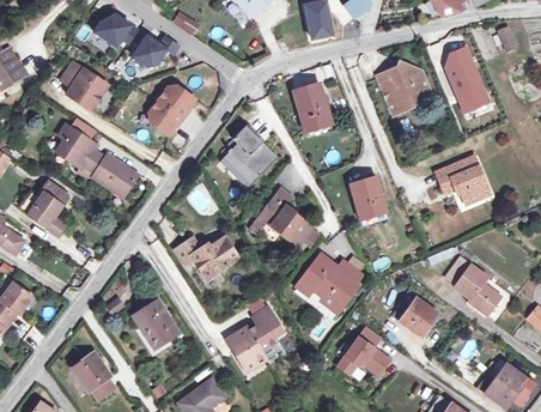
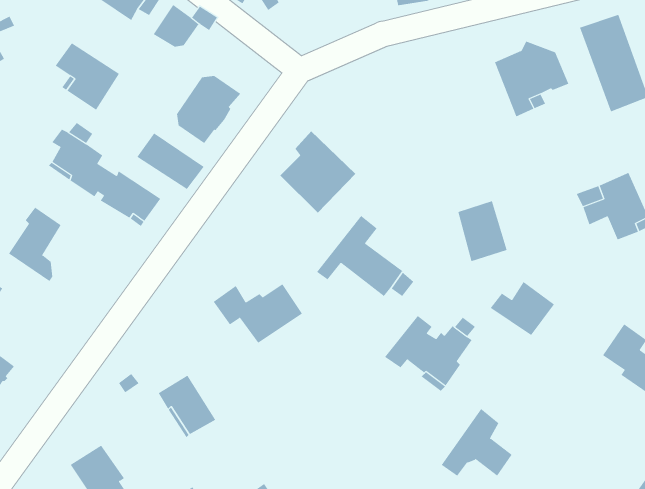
building: [293,84,332,132] -> none
building: none -> [136,132,204,190]
building: [393,297,439,337] -> [490,281,555,336]
building: [226,308,282,372] -> none

